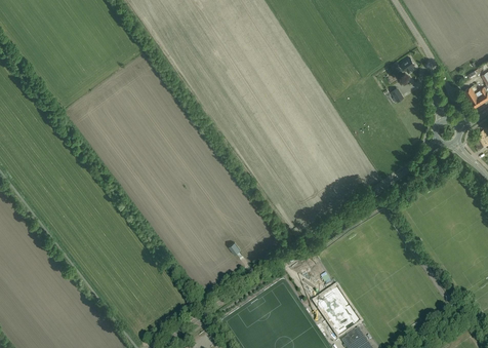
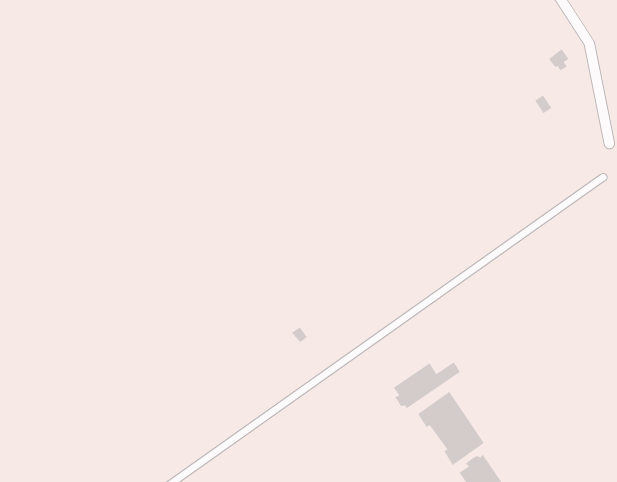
building: none -> [393,361,461,409]

